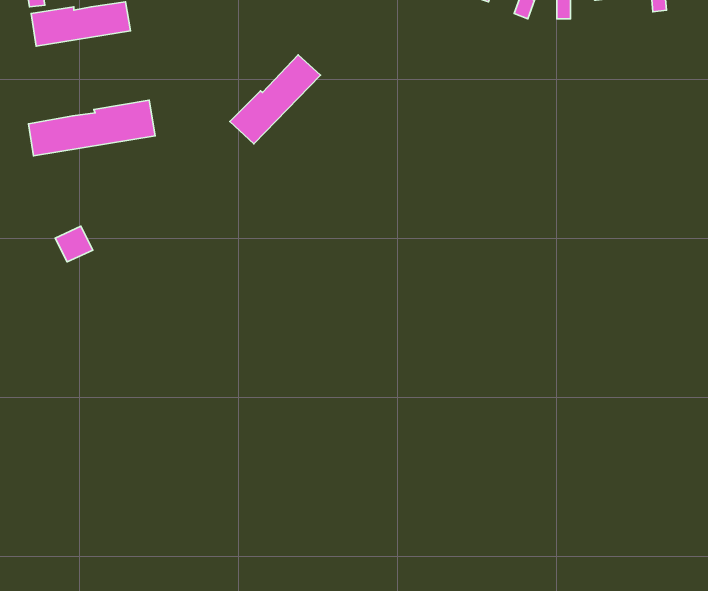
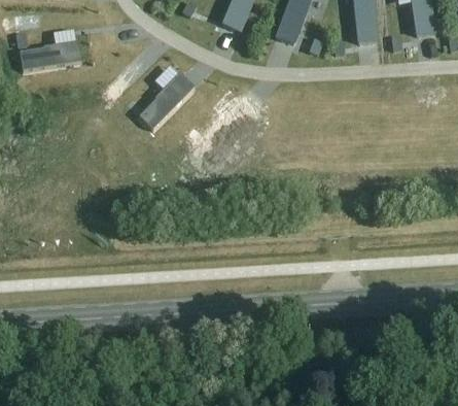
building: [29,100,155,156] -> none

